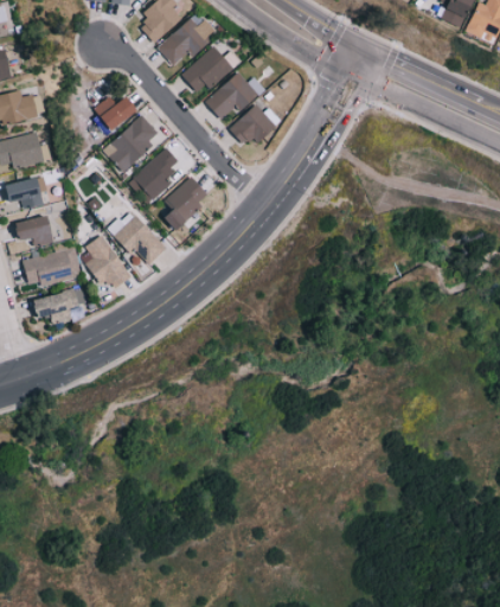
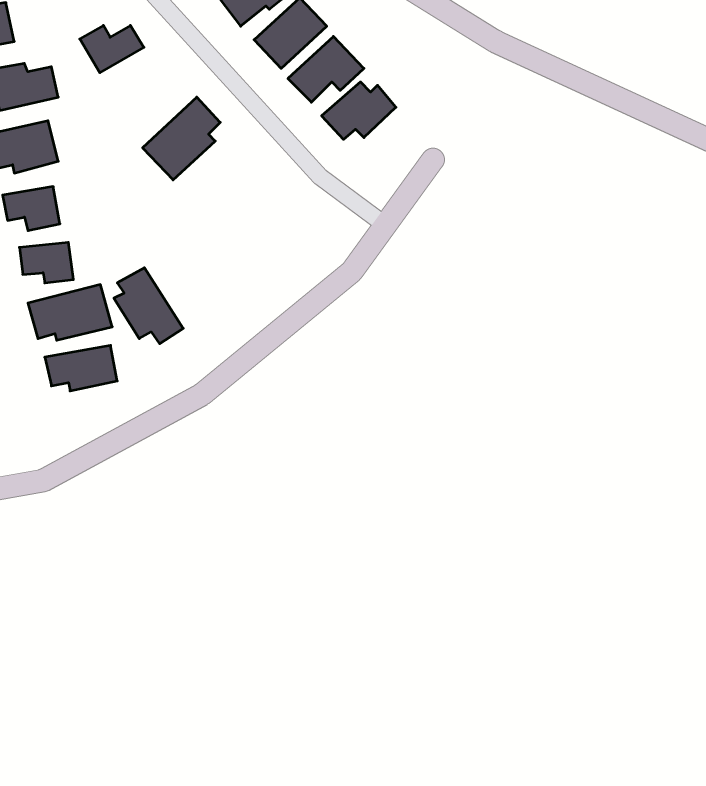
building: [95,96,140,129] -> [80,25,144,73]
building: [127,151,179,204] -> none
building: [164,175,211,229] -> none
building: [108,210,166,267] -> none

